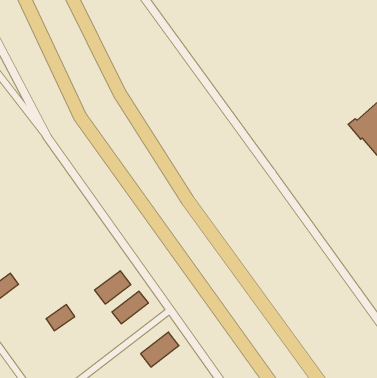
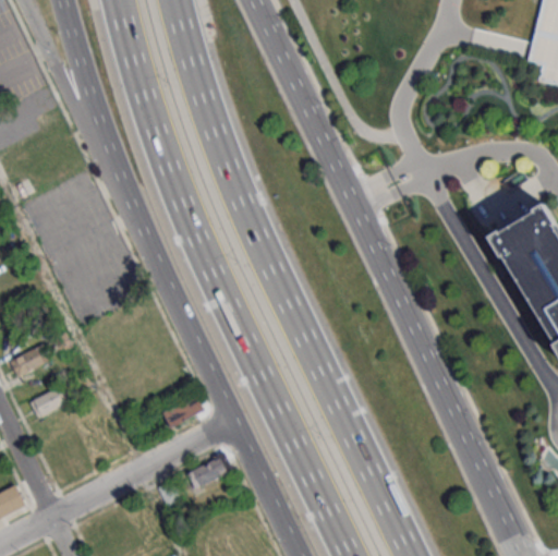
building: [95,271,131,304] -> none
building: [46,305,75,331] -> [29,389,65,419]

